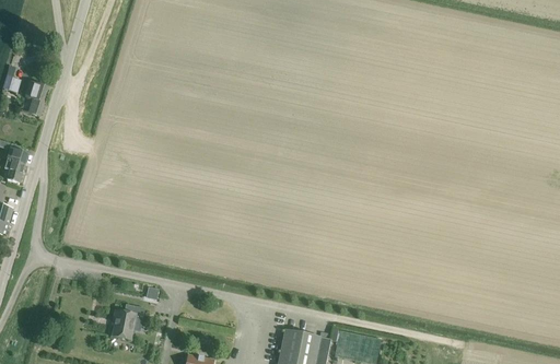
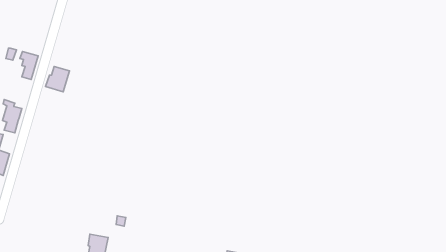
building: none -> [46,66,69,92]

